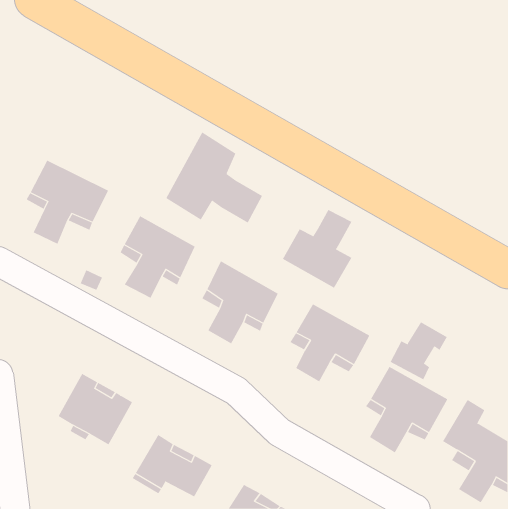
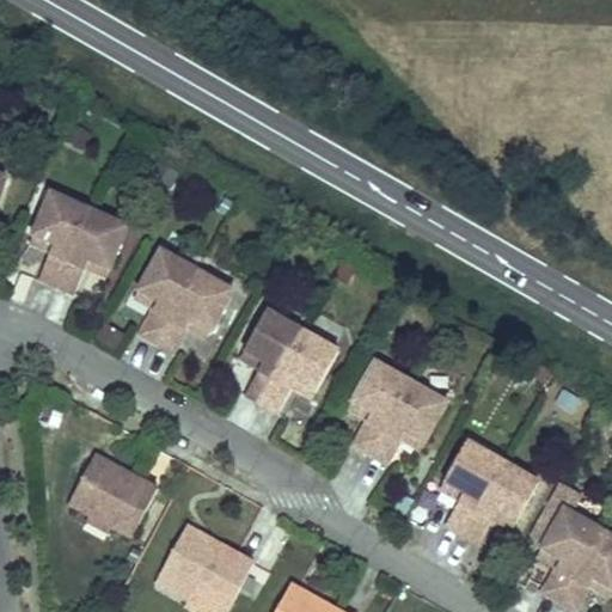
building: [165,132,263,223] -> none
building: [282,209,352,289] -> none
building: [390,322,448,380] -> none

